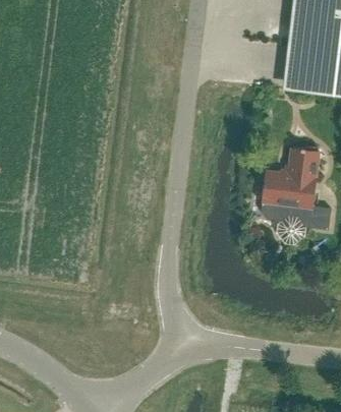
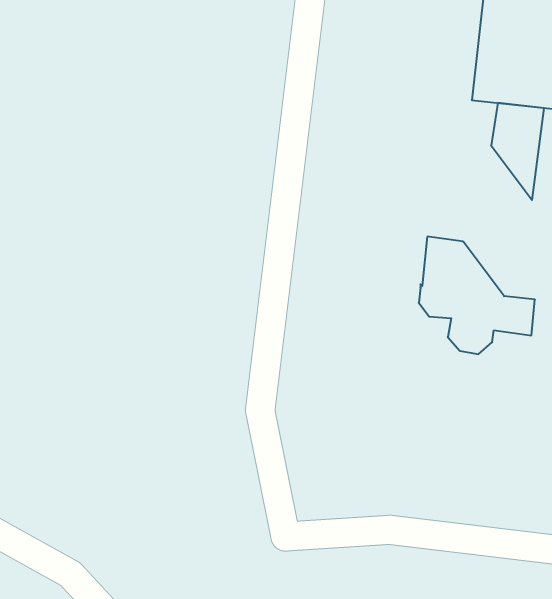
building: [285,150,317,208] -> [491,103,544,200]

